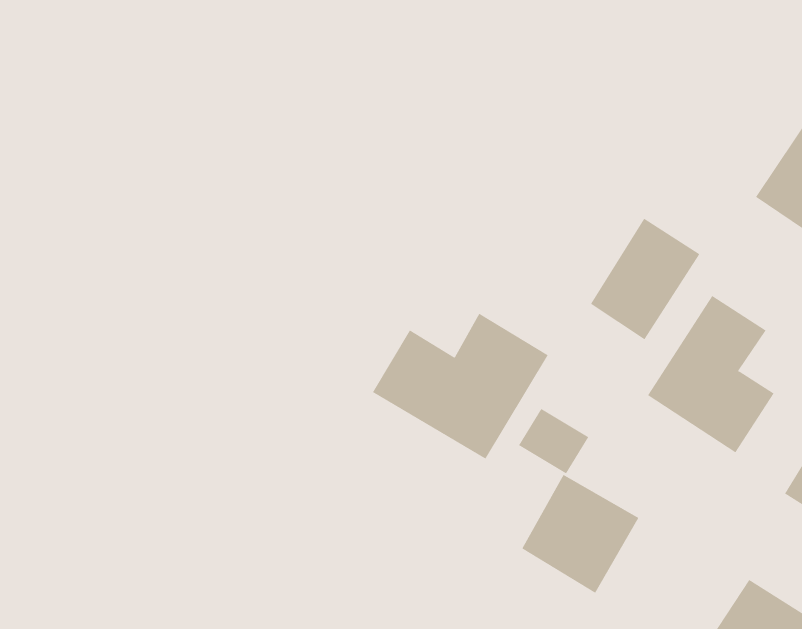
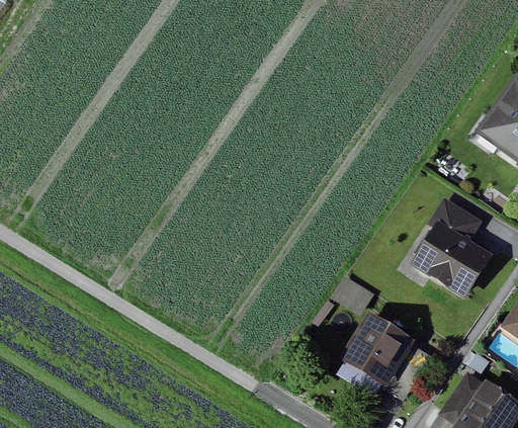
building: [590,218,700,340] -> none
building: [372,313,549,460] -> none

